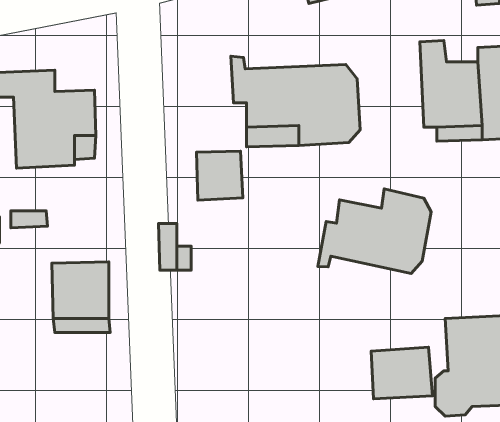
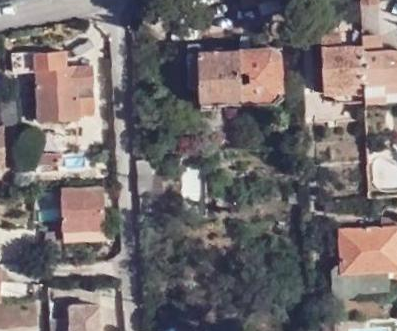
building: [197,151,243,200] -> none
building: [318,189,431,273] -> none
building: [371,347,432,399] -> none

